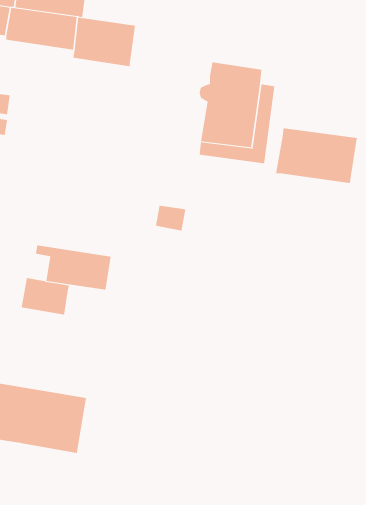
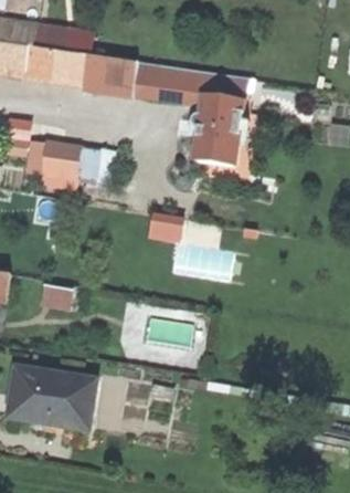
building: none -> [130,62,246,105]
building: [275,128,358,184] -> none
building: [35,245,111,290] -> [31,143,96,181]

